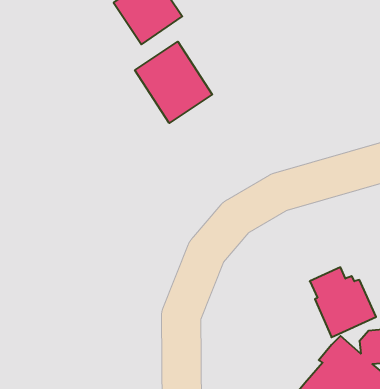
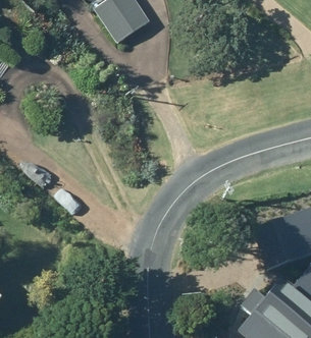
building: [135,42,212,123] -> none

